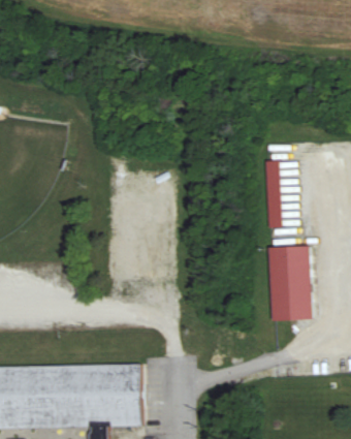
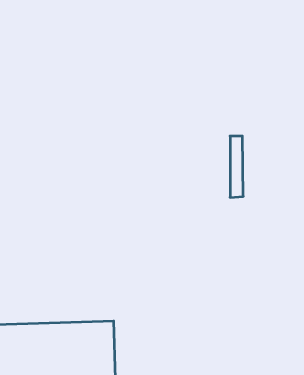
building: [268,246,309,320] -> none

